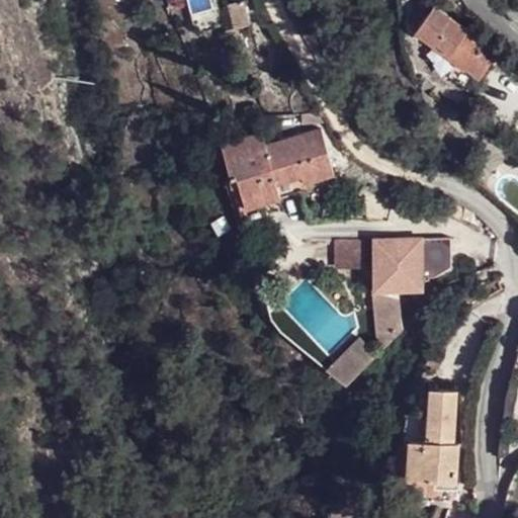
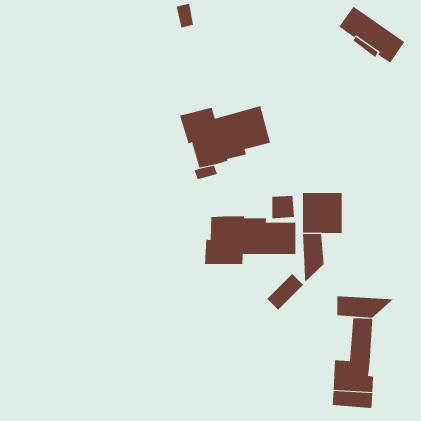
building: [420,236,448,275] -> none
building: none -> [205,216,296,265]
building: none -> [337,296,394,319]

